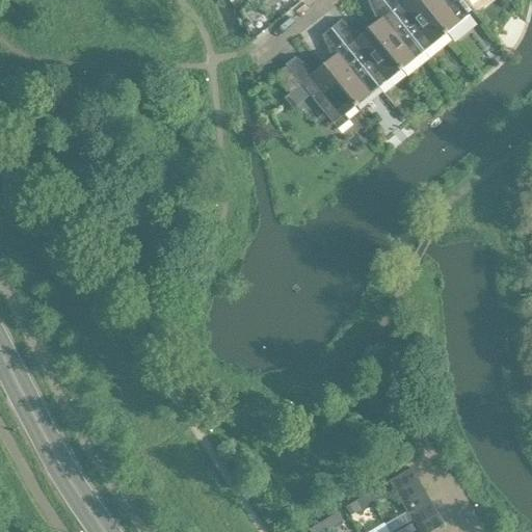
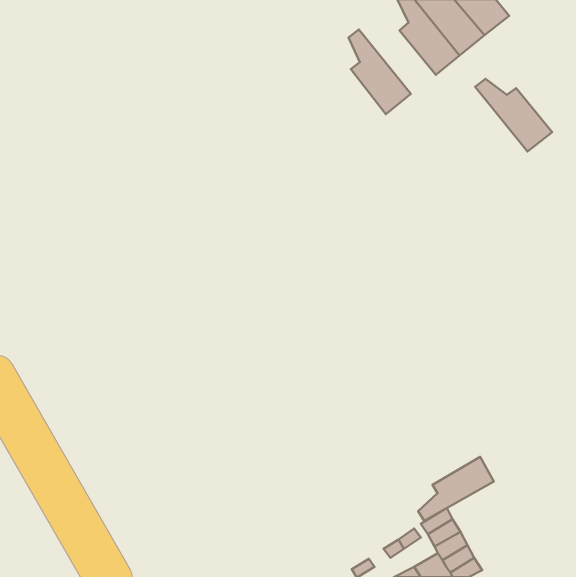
building: [329,20,400,86] -> [475,79,552,151]
building: [284,56,354,128] -> none
building: none -> [418,457,494,521]

